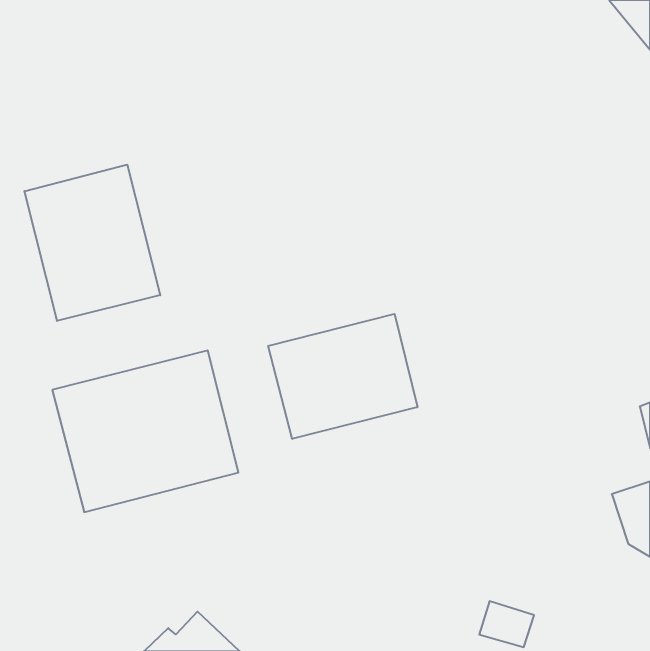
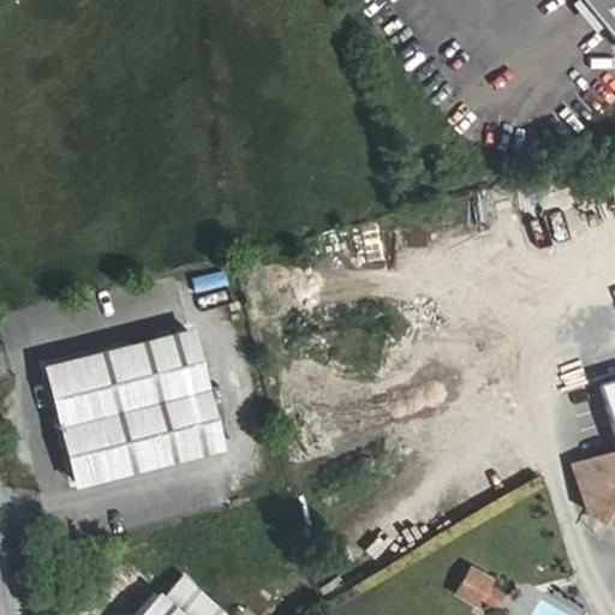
building: [24,165,160,321] -> none
building: [268,314,417,439] -> none

